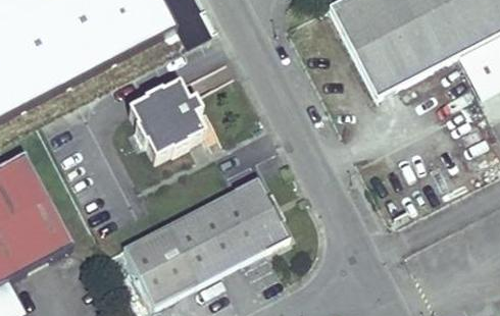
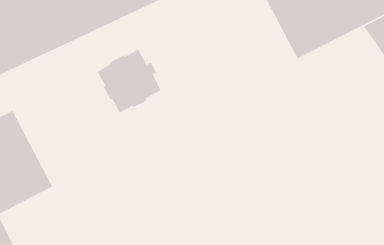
building: [123,176,289,305] -> none

